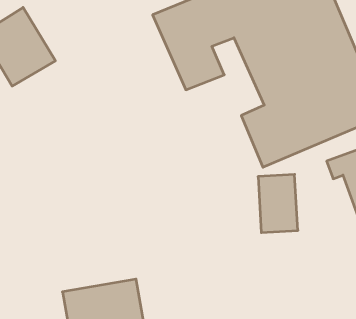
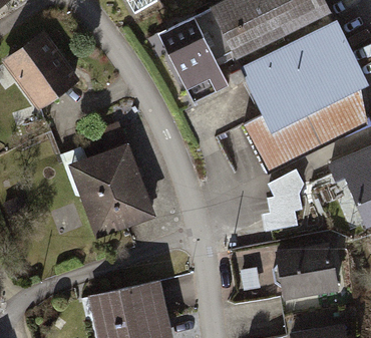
building: none -> [71,143,153,231]
building: none -> [279,245,339,296]

